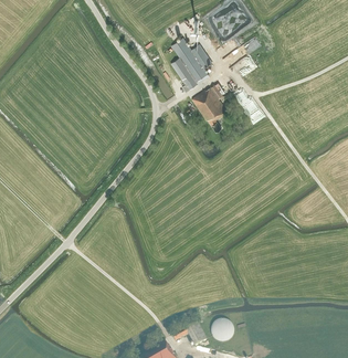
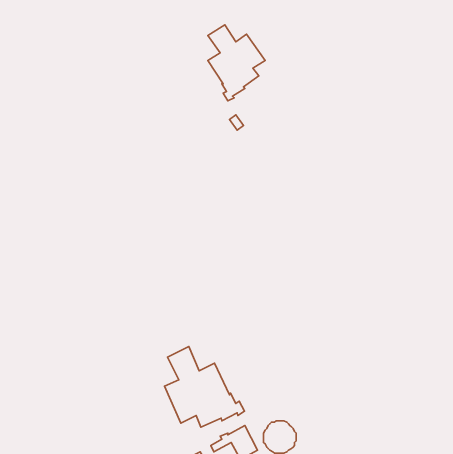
building: [192,84,228,131] -> none
building: none -> [164,347,245,427]

